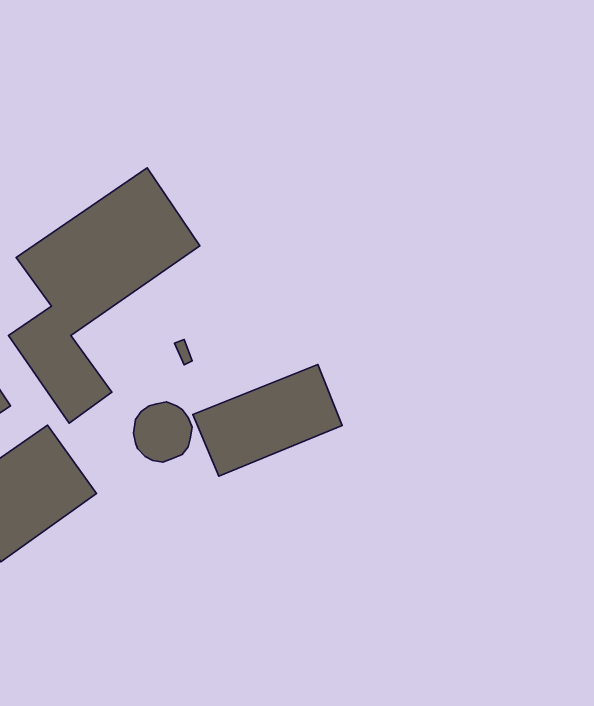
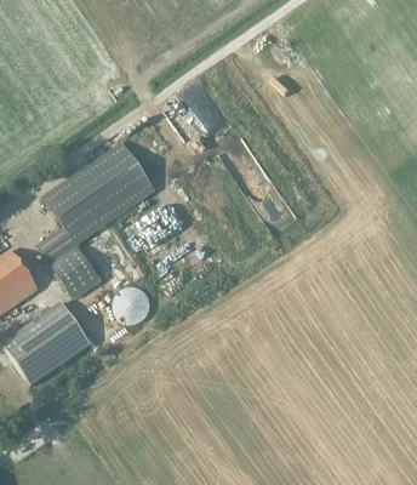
building: [193,365,342,476] -> none

